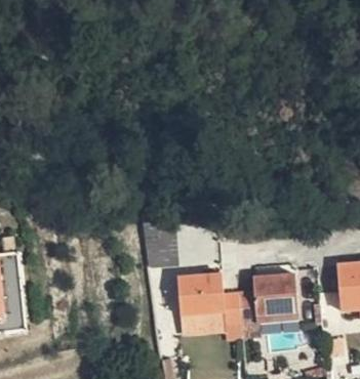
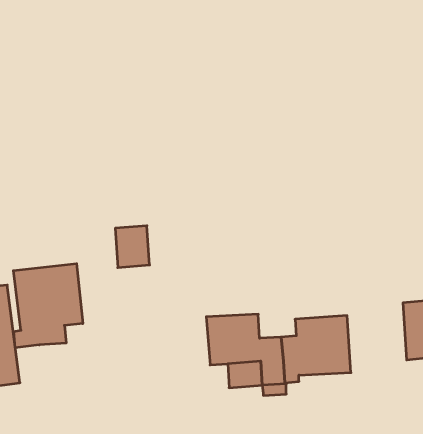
building: [146,230,173,264] -> [115,226,150,268]
building: none -> [13,264,83,348]

